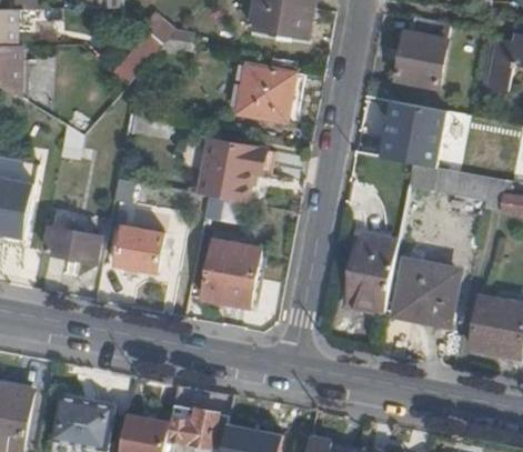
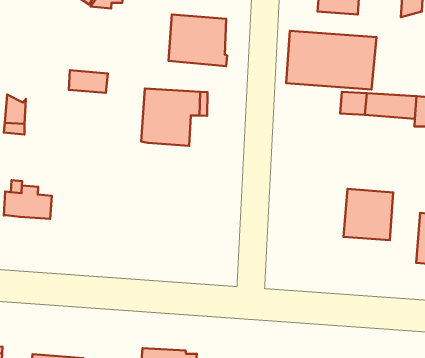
building: [114,228,162,273] -> none
building: [348,237,398,310] -> none
building: [203,241,261,308] -> none

